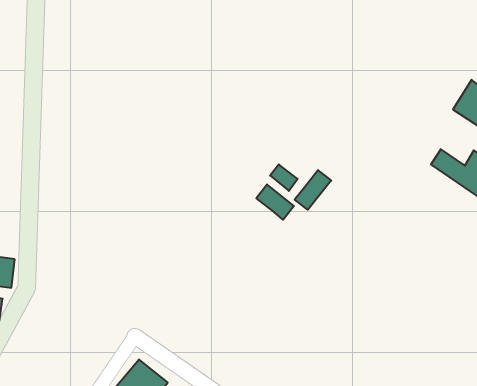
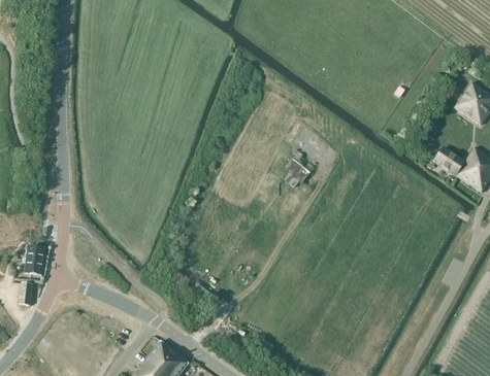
building: [295,170,331,210] -> none
building: [256,184,294,220] -> none

